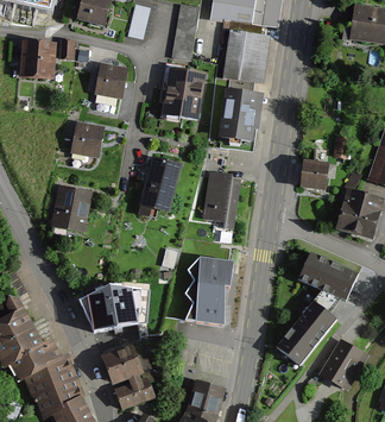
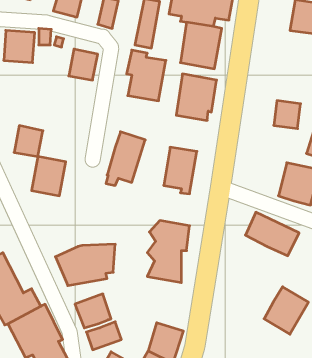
building: [70,120,103,156] -> [14,126,43,157]
building: [298,162,329,194] -> [274,101,301,129]
building: [276,300,336,364] -> none

